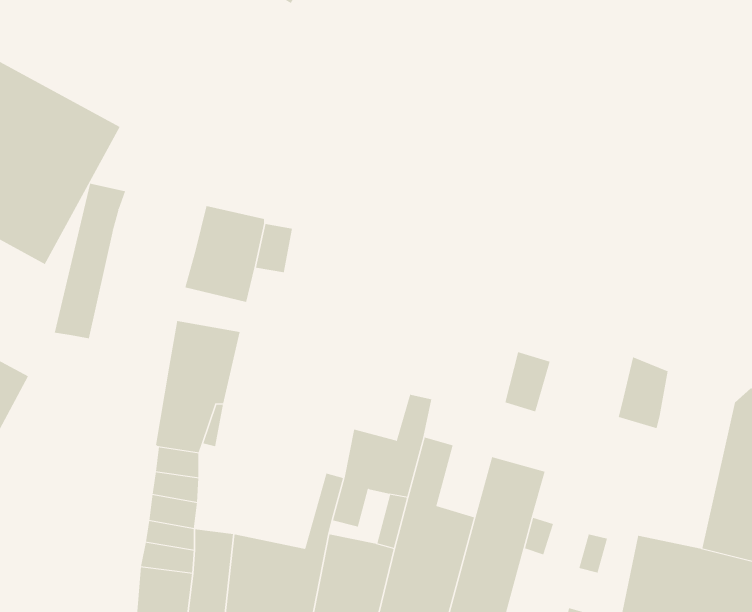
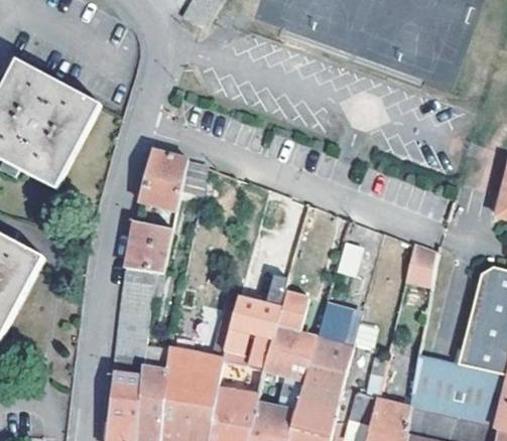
building: [54,183,126,339] -> none

